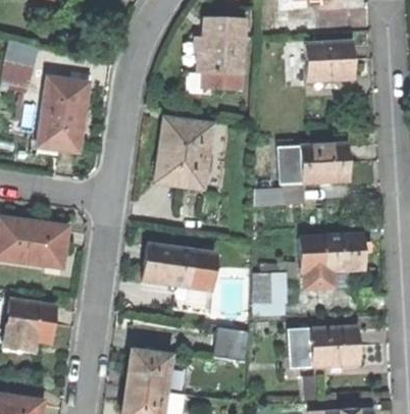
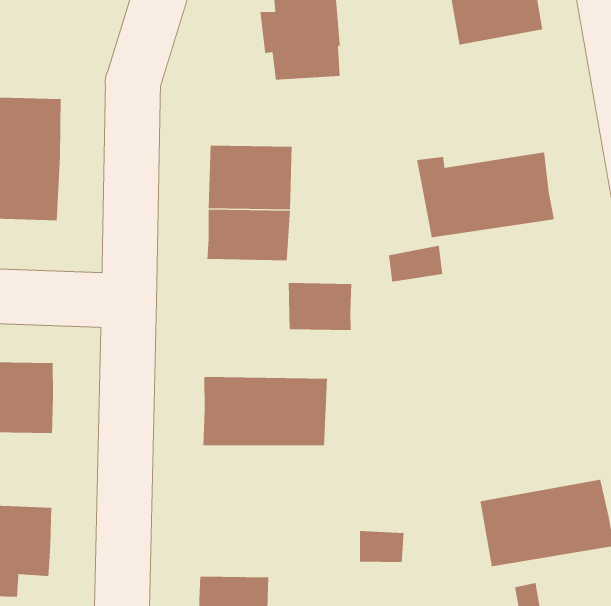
building: none -> [288,282,352,331]
building: [299,232,365,289] -> none
building: [253,271,289,316] -> none

